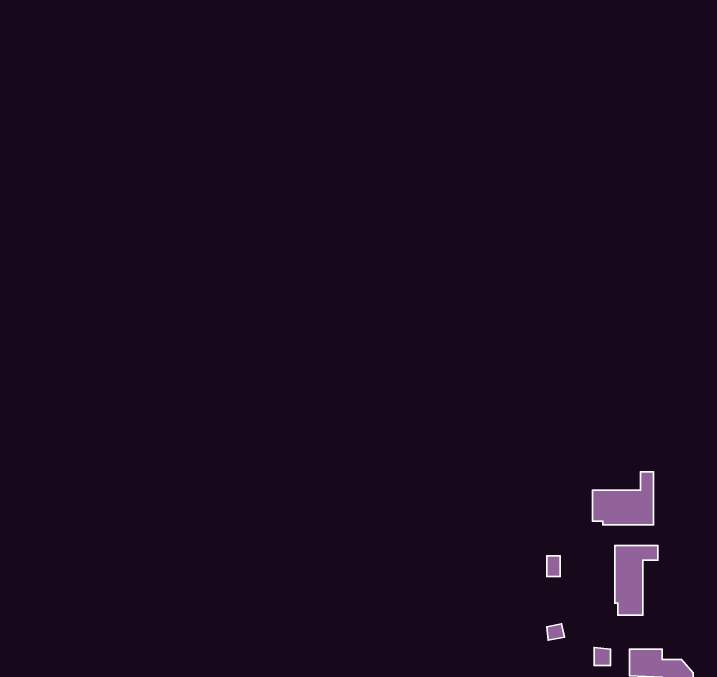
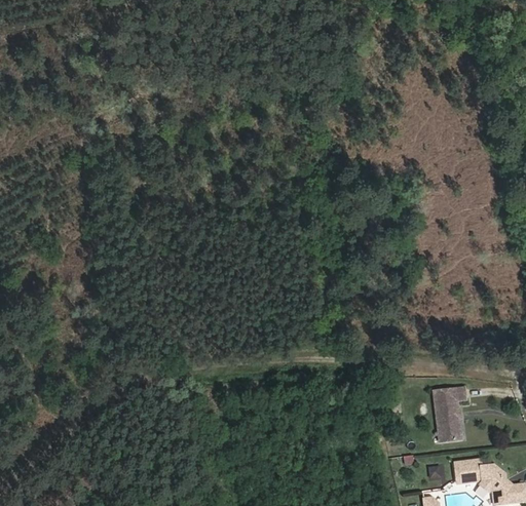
building: [593,472,653,525] -> none

